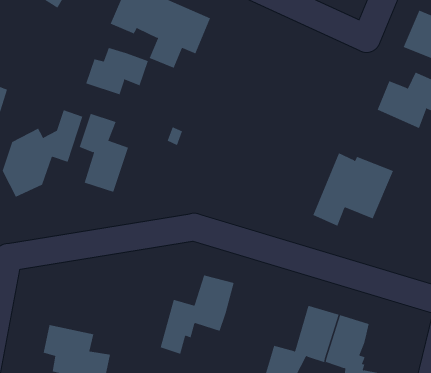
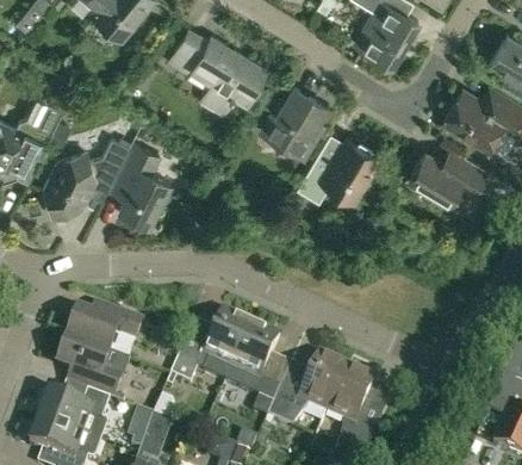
building: none -> [260,88,324,157]
building: [85,47,148,95] -> none
building: [312,152,394,227] -> [296,134,379,204]
building: none -> [230,326,286,405]
building: none -> [68,304,143,355]

